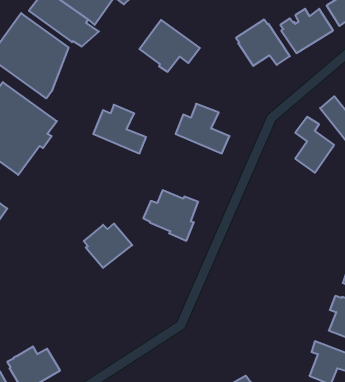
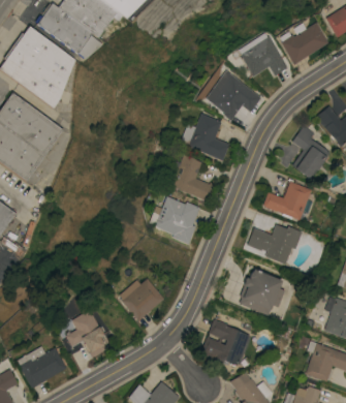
building: [139,20,200,72] -> [203,70,261,120]
building: [93,105,146,153] -> [162,154,213,200]
building: none -> [262,181,311,220]
building: none -> [247,224,302,265]
building: [84,224,132,268] -> [119,278,165,320]
building: none -> [239,269,284,315]
building: none -> [65,309,107,358]
building: none -> [201,318,250,365]

